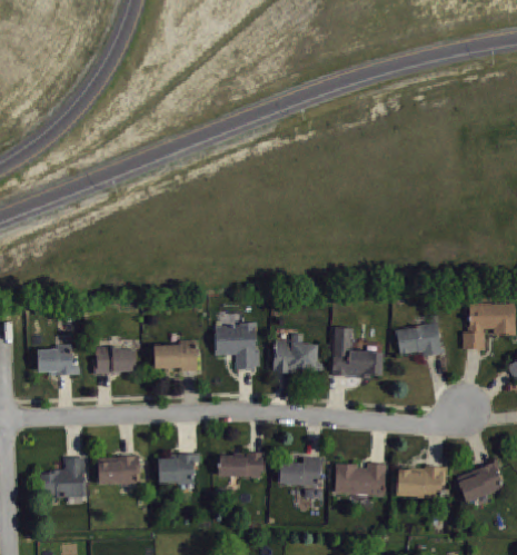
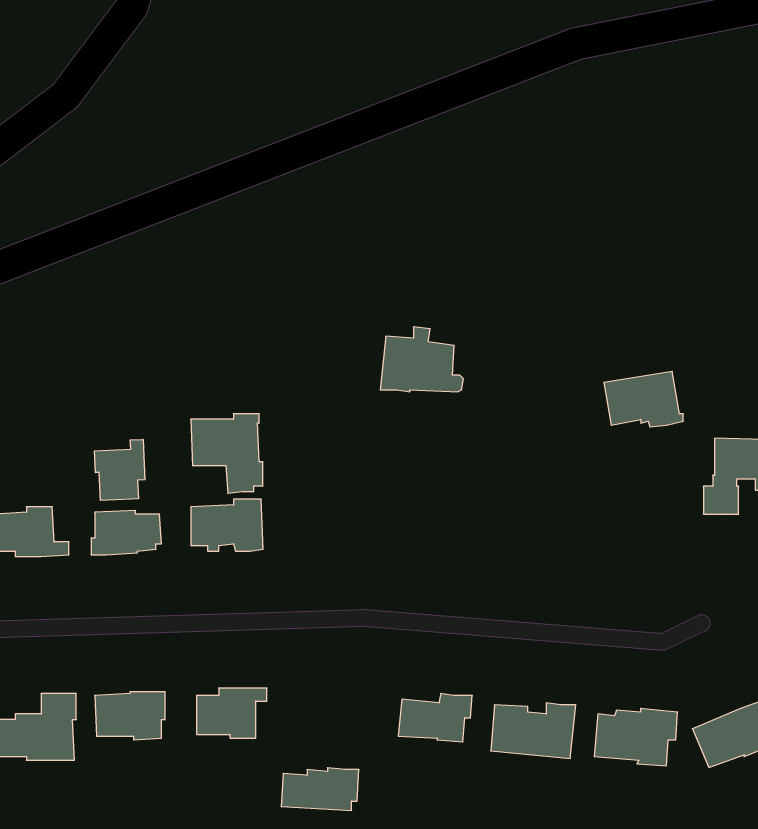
building: none -> [95,439,145,500]
building: [215,323,258,370] -> [191,414,263,493]
building: [396,323,444,356] -> [604,371,683,427]
building: [331,327,382,378] -> none
building: [272,334,322,373] -> [380,327,463,392]
building: [218,452,265,477] -> [281,768,359,810]

